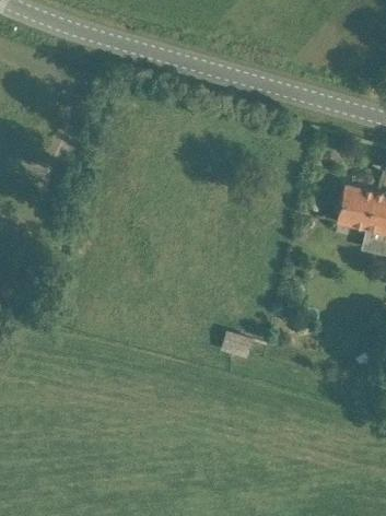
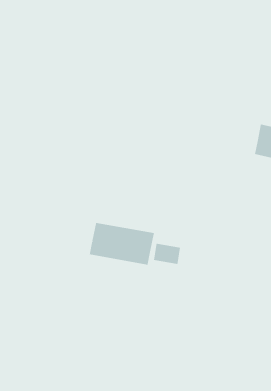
building: none -> [89,222,155,265]

